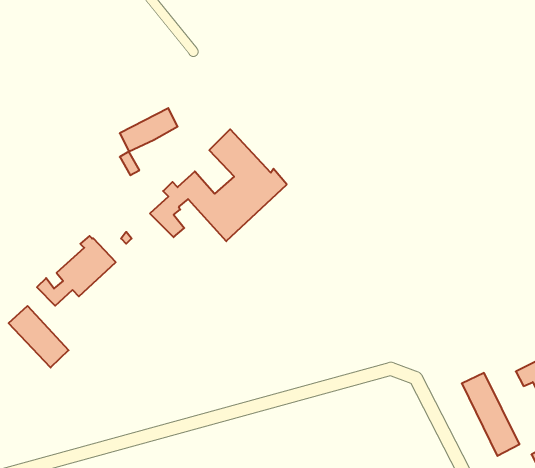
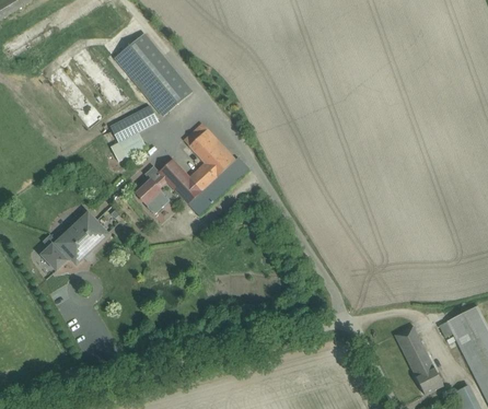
building: none -> [115,34,194,117]
building: [9,306,69,368] -> none

